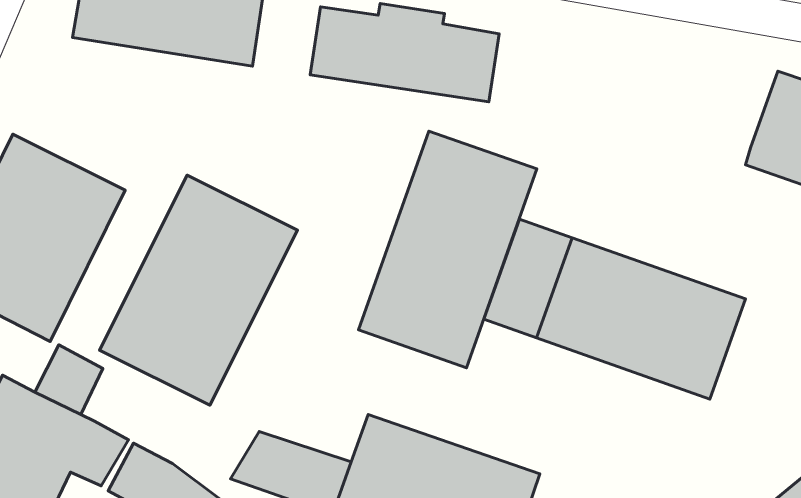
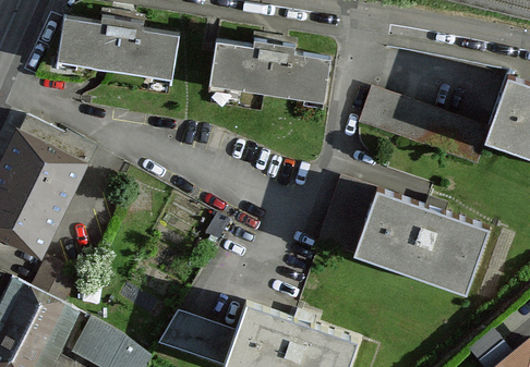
building: none -> [360,89,492,166]
building: [359,131,537,368] -> none
building: [100,175,298,405] -> none

